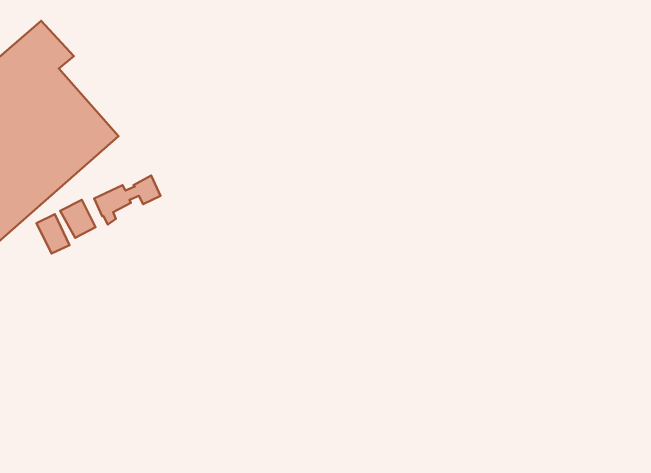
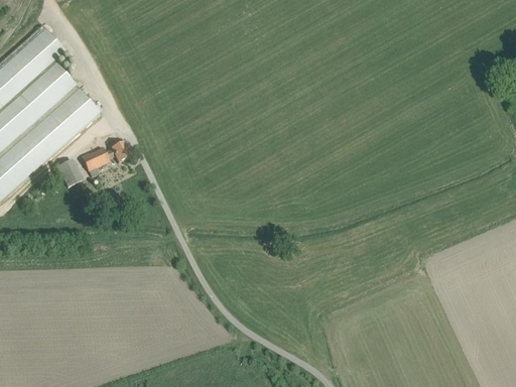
building: [37,214,69,253] -> none

